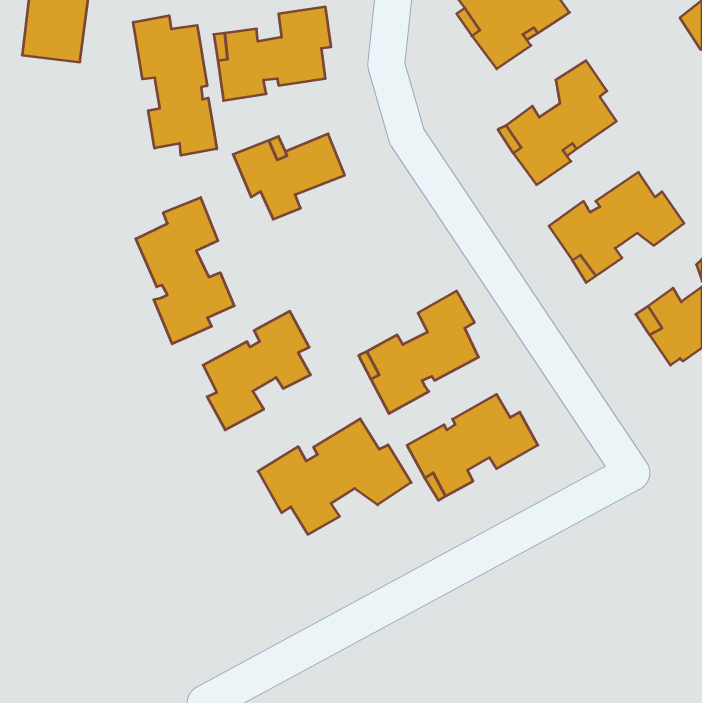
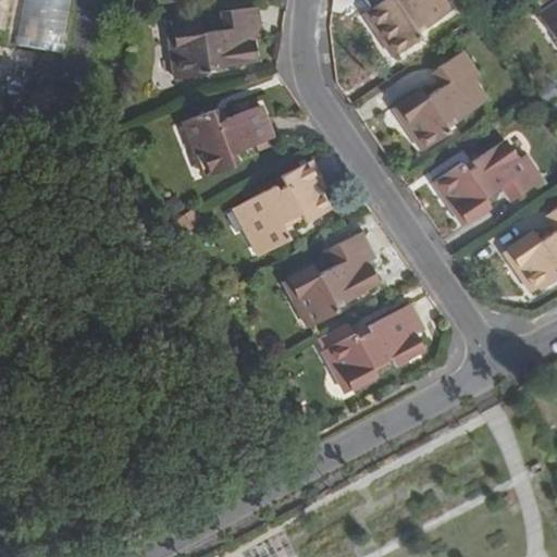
building: [133,16,217,155] -> none
building: [136,197,234,344] -> none
building: [203,311,311,430] -> [239,158,324,251]
building: [258,419,411,534] -> none

